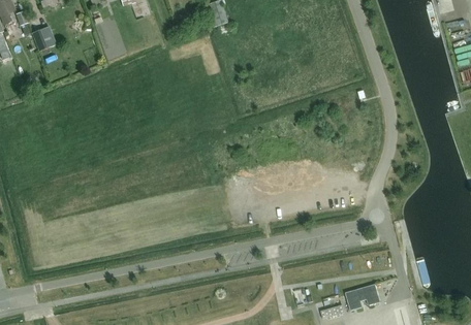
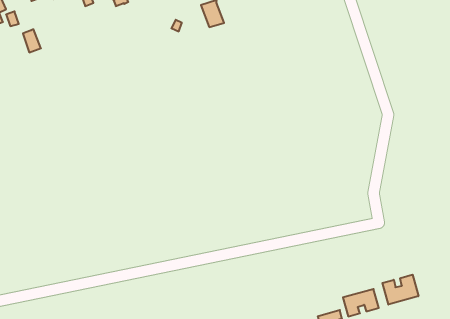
building: none -> [382,275,418,305]

